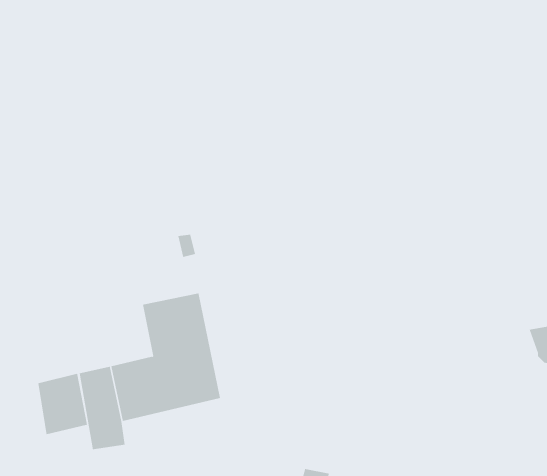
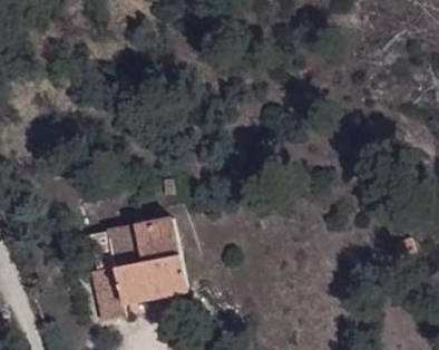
building: [38,373,88,435] -> [108,224,142,265]

